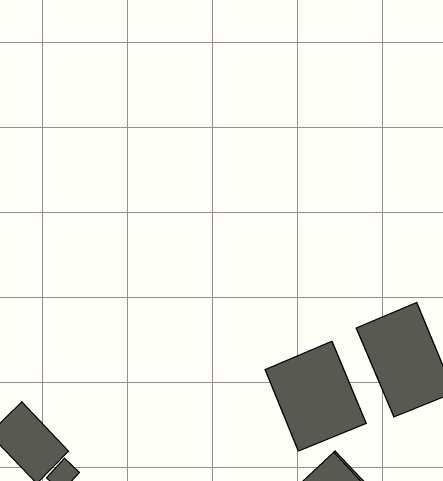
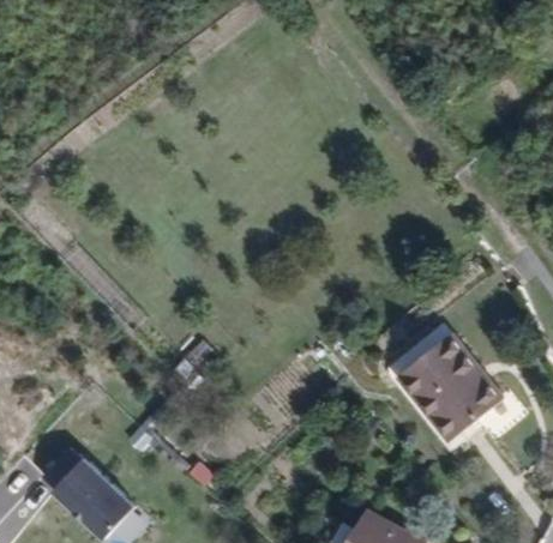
building: [265,341,366,451] -> none

